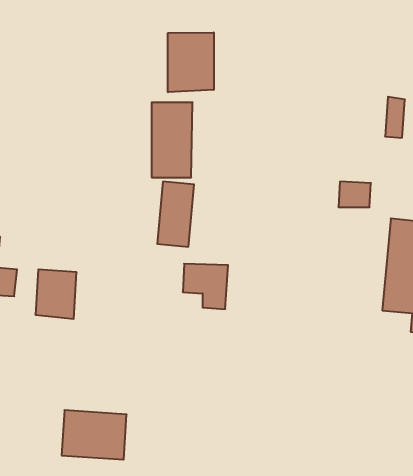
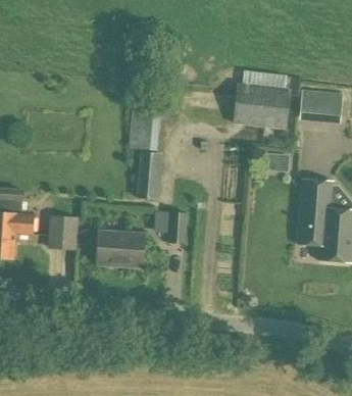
building: [168,32,214,92] -> none
building: none -> [232,82,290,129]
building: [62,410,127,460] -> [97,231,144,266]

